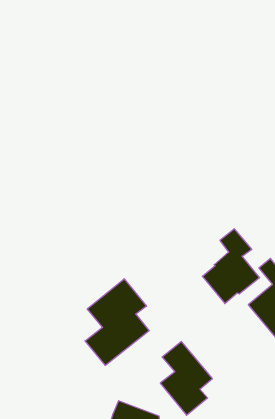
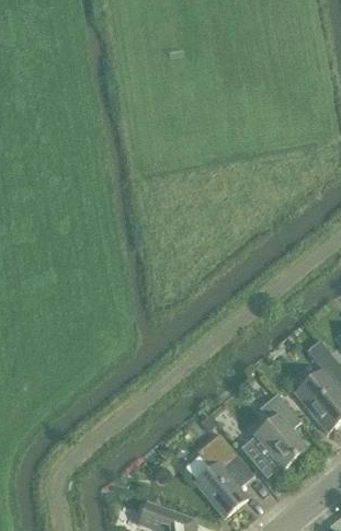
building: [202,229,260,304] -> [240,394,305,478]
building: [85,279,149,365] -> none

